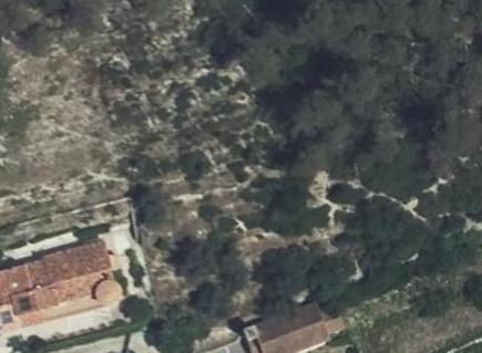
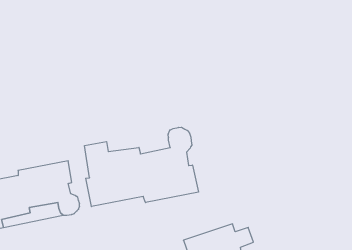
building: none -> [85,127,198,207]

